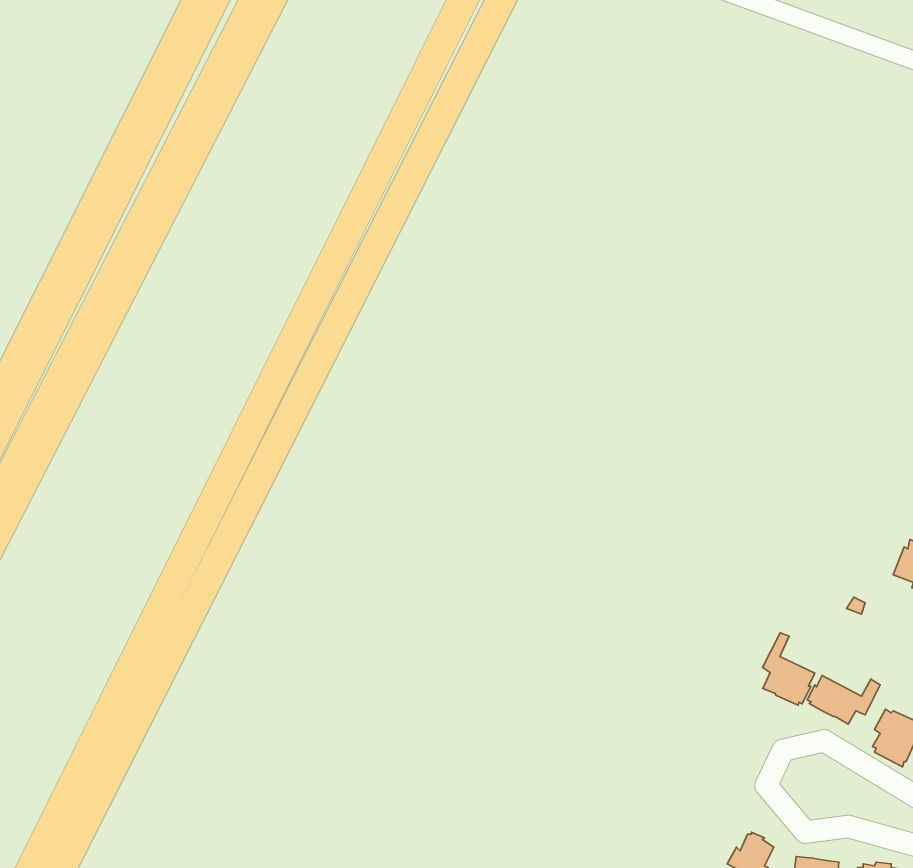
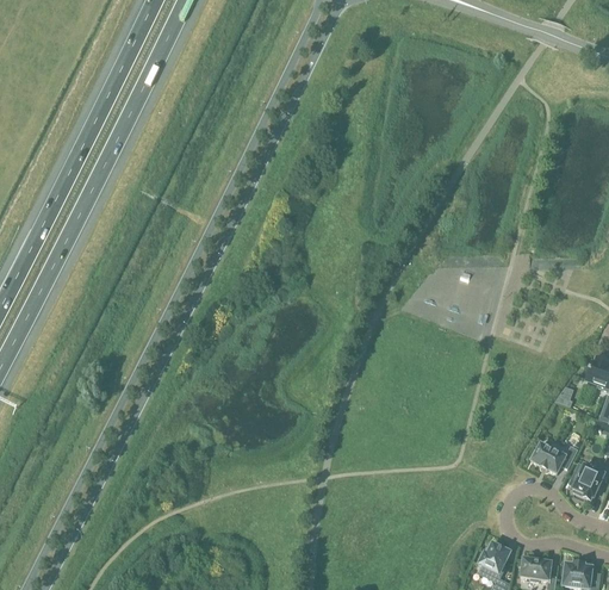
building: [763,633,815,705] -> none

